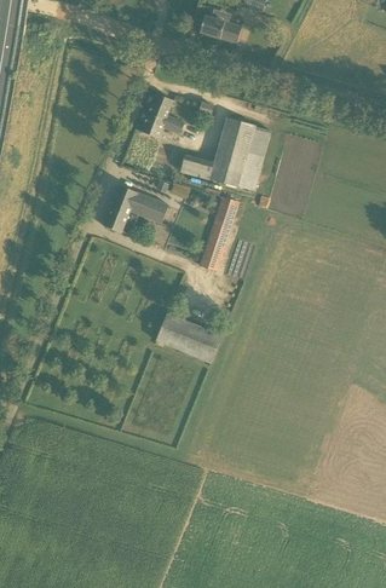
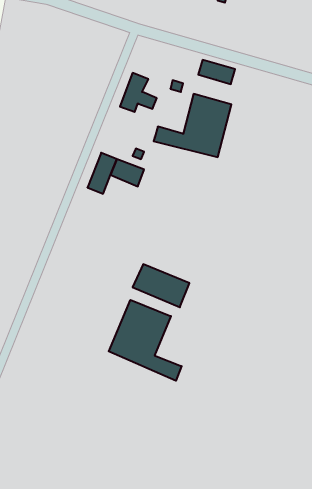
building: [200,16,242,44] -> [198,60,235,84]
building: [200,197,240,271] -> none
building: none -> [109,300,182,381]

